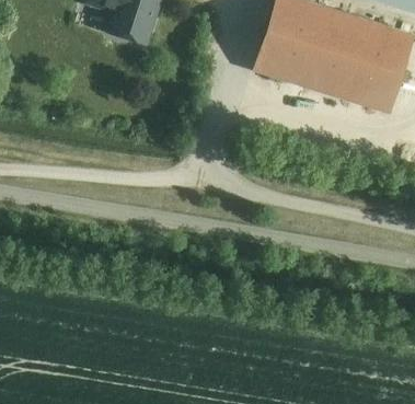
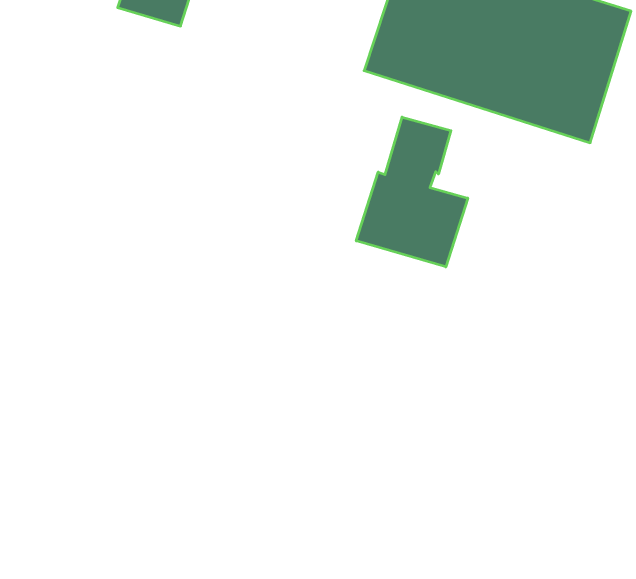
building: none -> [356,117,468,267]

